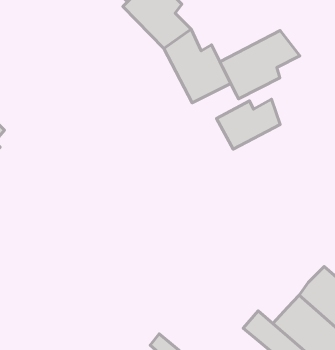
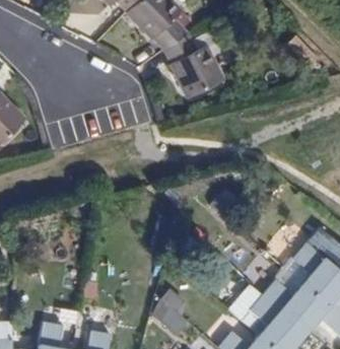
building: [220,30,300,99] -> none
building: [216,99,280,149] -> none

